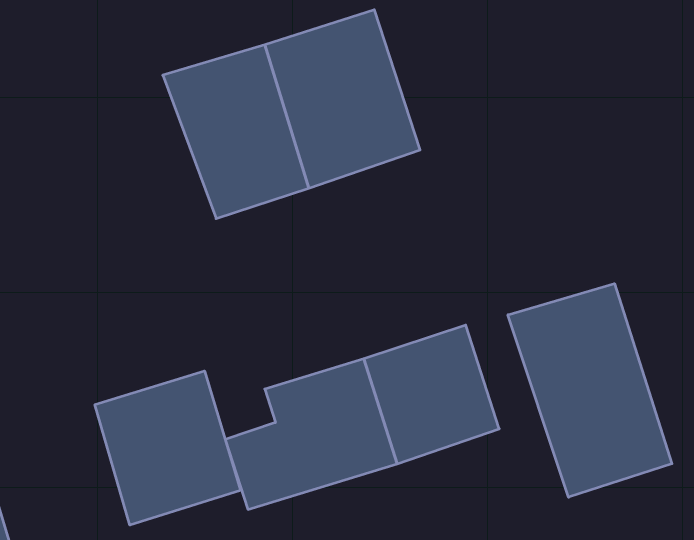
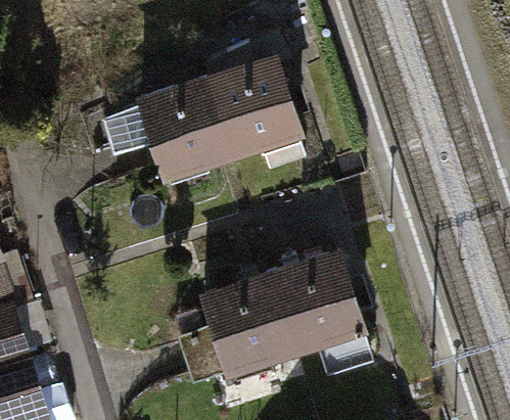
building: [508,284,672,497] -> none
building: [95,371,241,525] -> none

